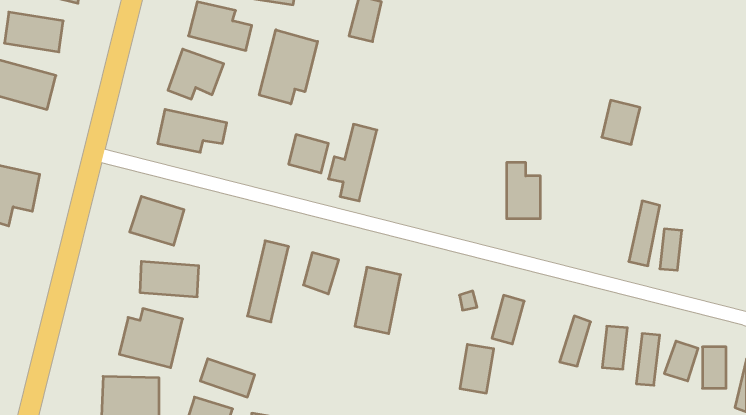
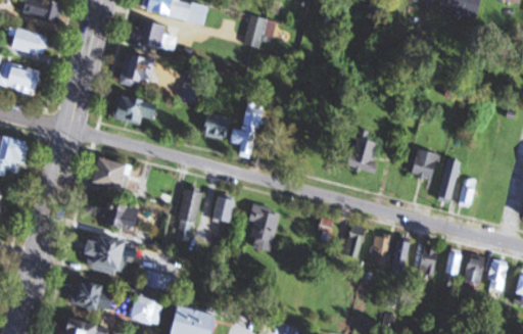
building: [259,30,318,104] -> none
building: [602,100,640,144] -> [412,149,438,180]
building: [460,344,494,393] -> [369,233,392,267]

